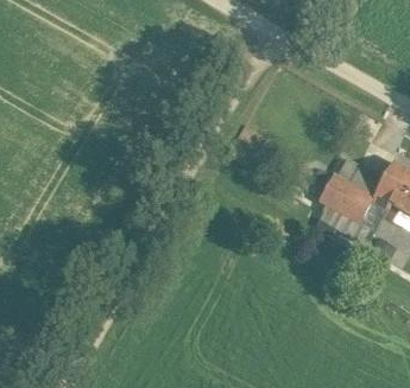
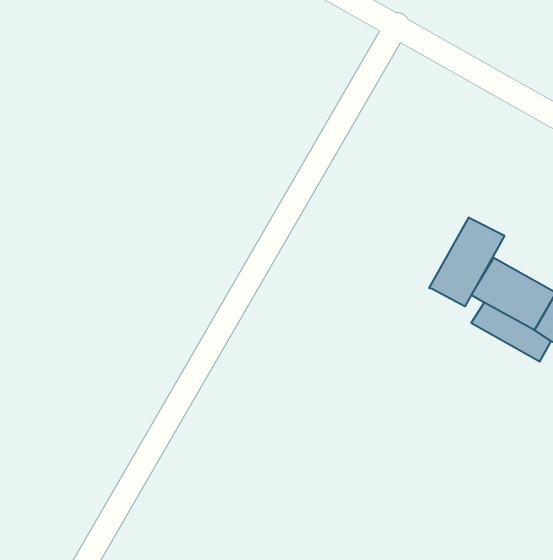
building: none -> [429,217,504,306]

